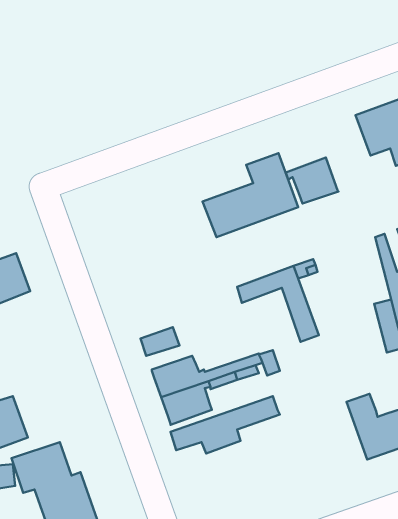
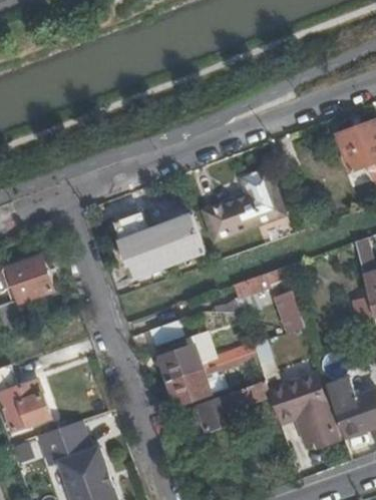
building: [286,158,338,204] -> none
building: none -> [117,212,204,274]
building: none -> [268,375,338,446]

